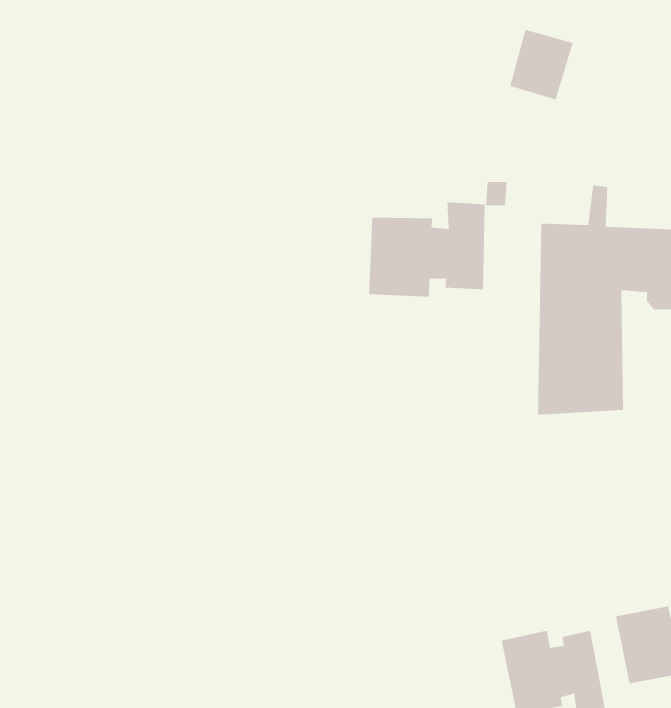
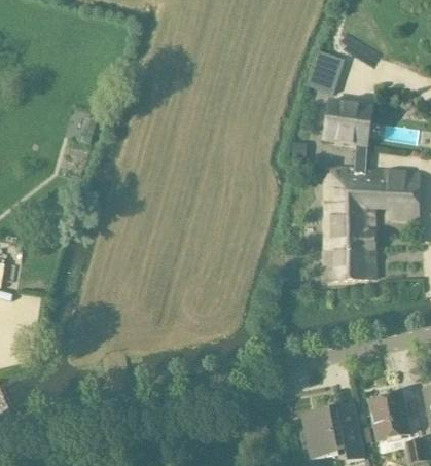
building: none -> [323,100,371,144]
building: [369,202,485,297] -> none

